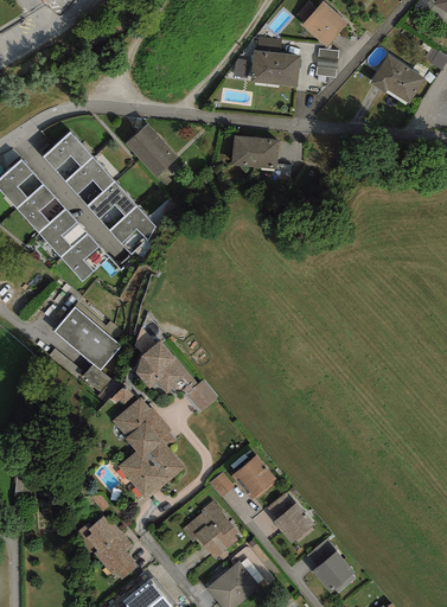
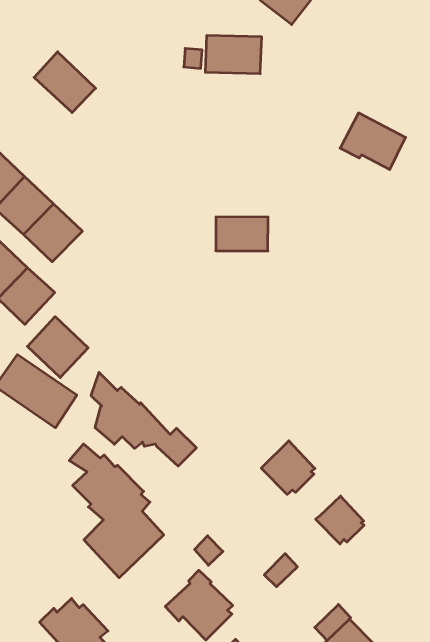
building: [315,47,338,76] -> none
building: [369,53,424,103] -> [340,113,406,170]
building: [126,123,177,175] -> [34,52,96,113]
building: [231,135,277,167] -> [216,217,268,251]
building: [109,206,155,254] -> none
building: none -> [27,317,88,378]
building: [230,454,275,499] -> [261,441,315,494]
building: [273,503,313,543] -> [316,496,364,544]

